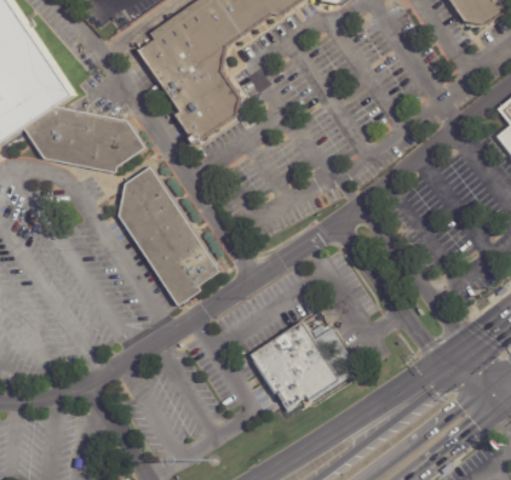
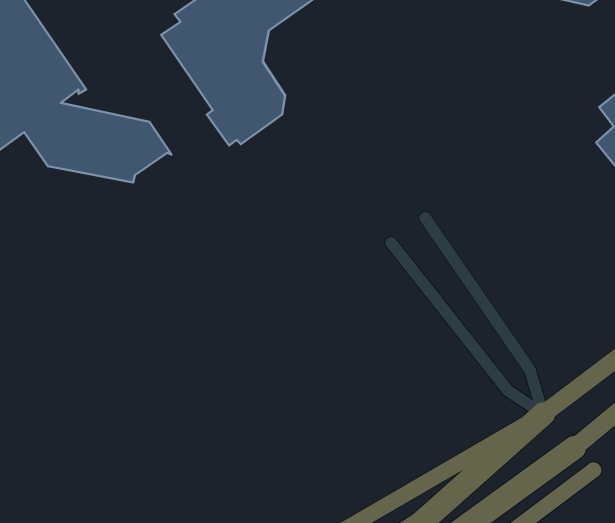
building: [119,166,219,305] -> none
building: [249,321,339,406] -> none

